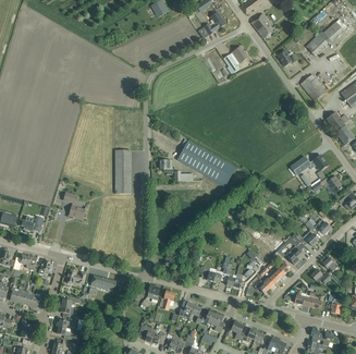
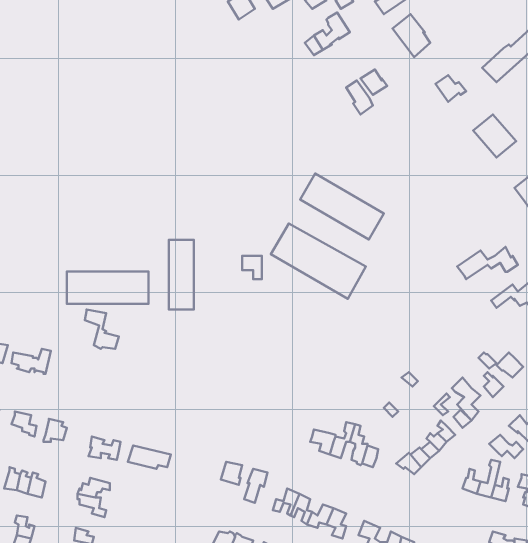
building: none -> [300,173,384,239]
building: none -> [67,271,149,304]

